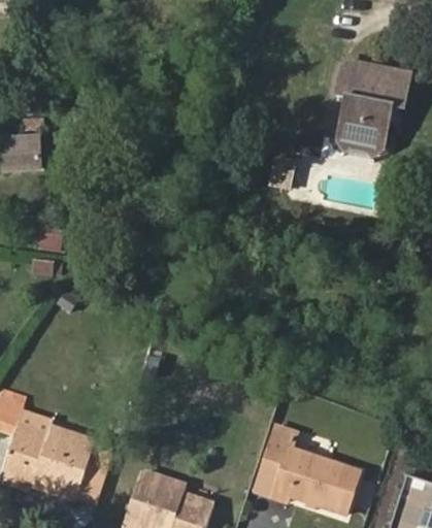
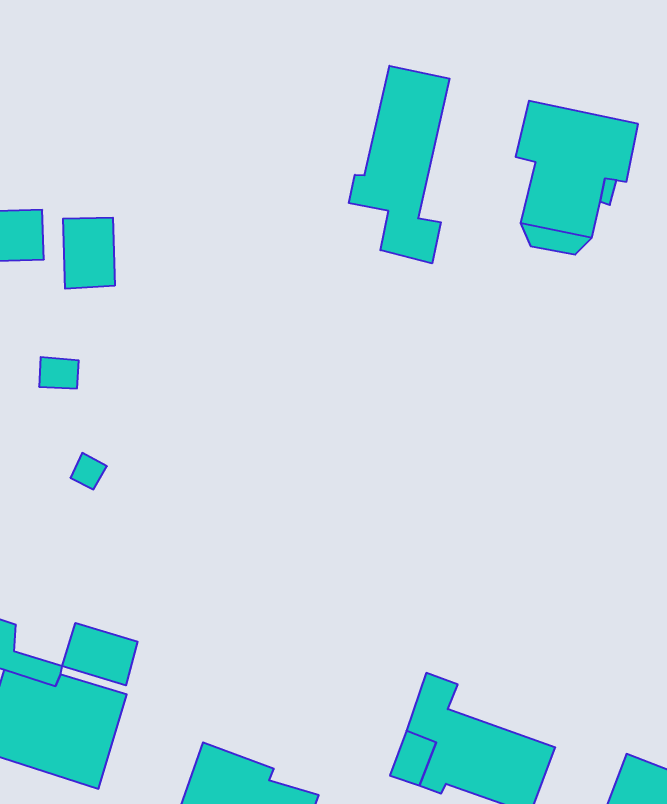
building: none -> [349,66,450,263]
building: none -> [63,218,115,289]
building: none -> [62,623,138,685]

